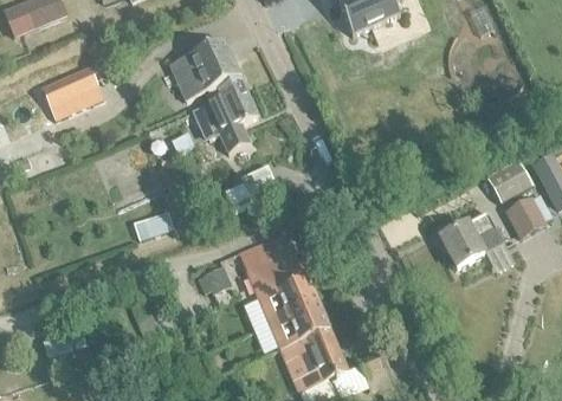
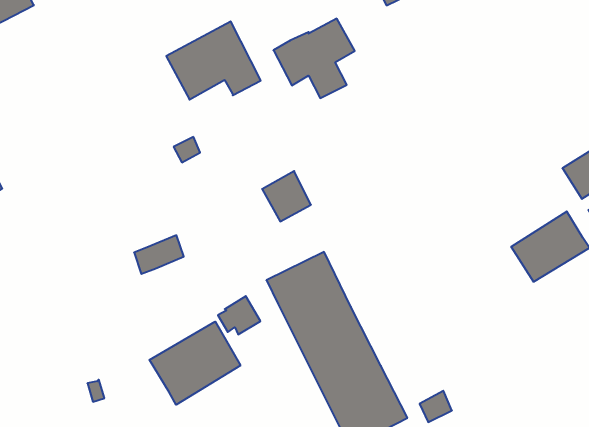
building: [44,69,98,116] -> none
building: [192,88,258,151] -> [273,19,355,98]
building: none -> [149,322,240,405]

